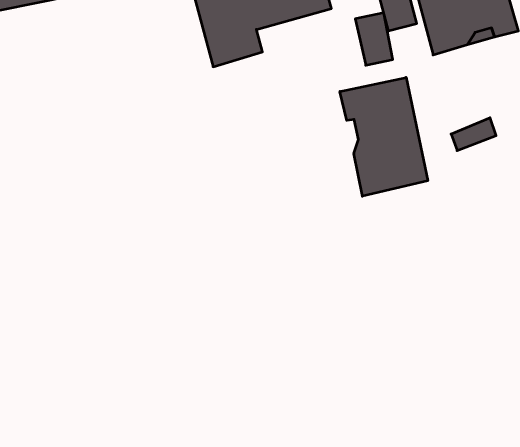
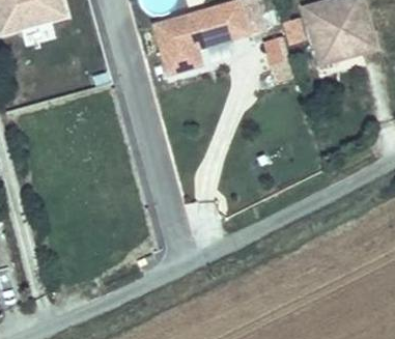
building: [340,77,428,196] -> none

